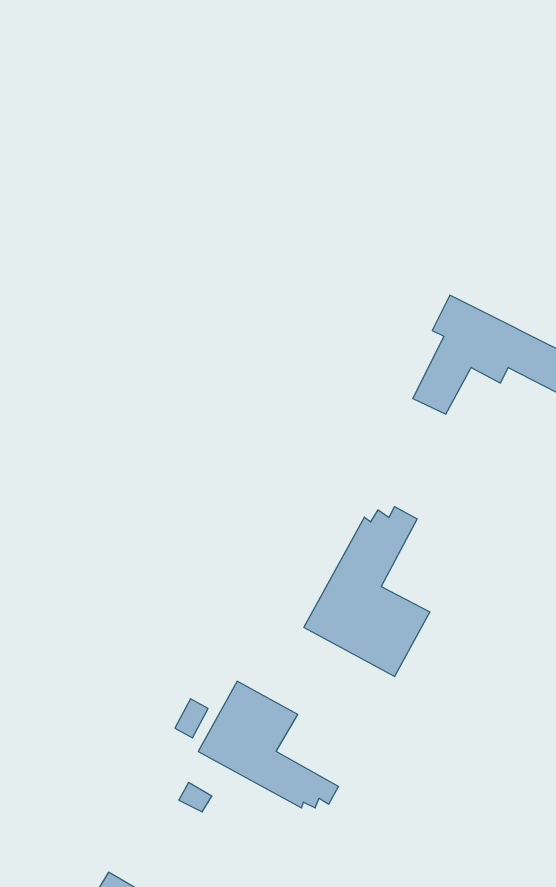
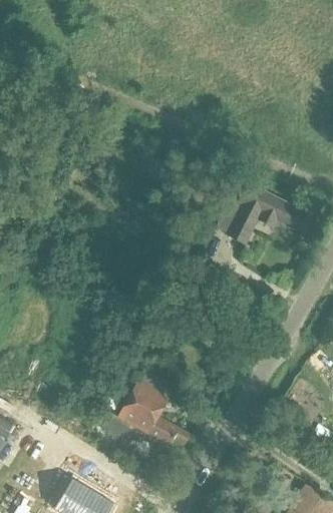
building: [304,507,430,677] -> none

